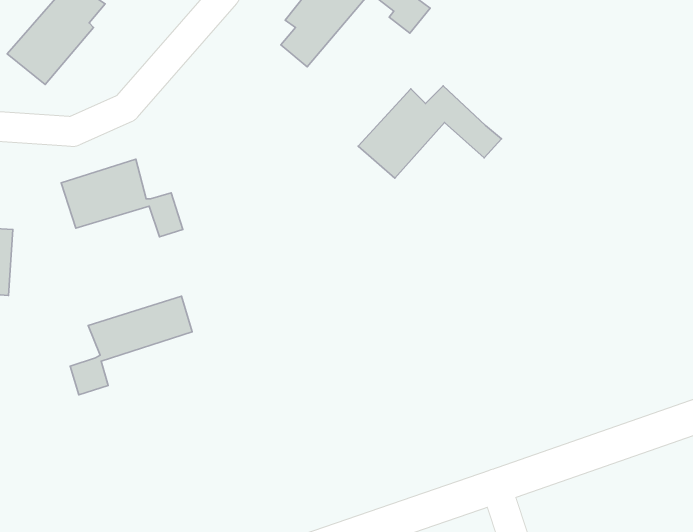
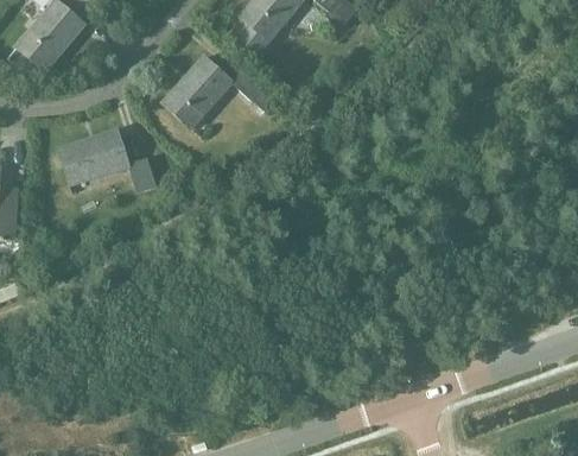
building: [358,86,502,178] -> [161,53,278,128]
building: [70,296,192,395] -> none

